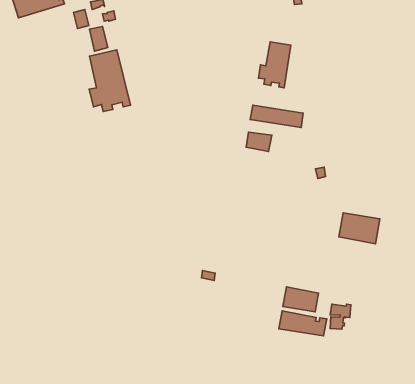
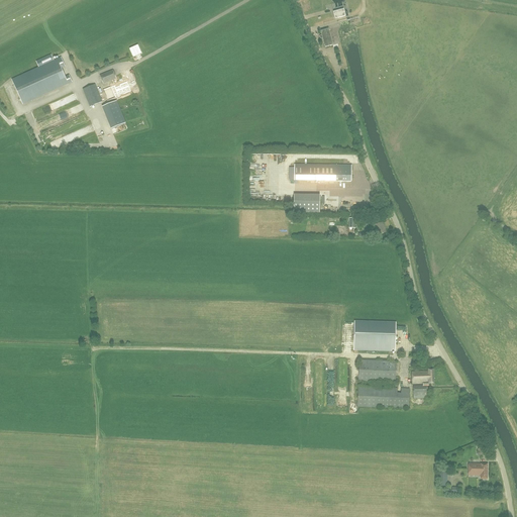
building: [258,42,291,88] -> none
building: [89,50,131,112] -> none
building: [339,213,380,244] -> [353,321,396,350]

